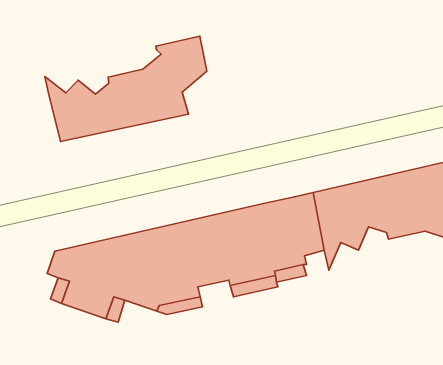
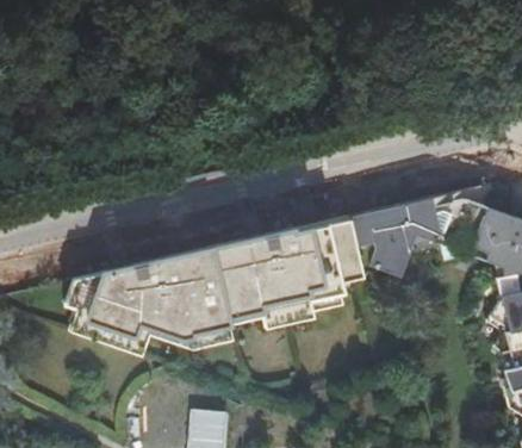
building: [45,36,207,141] -> none

